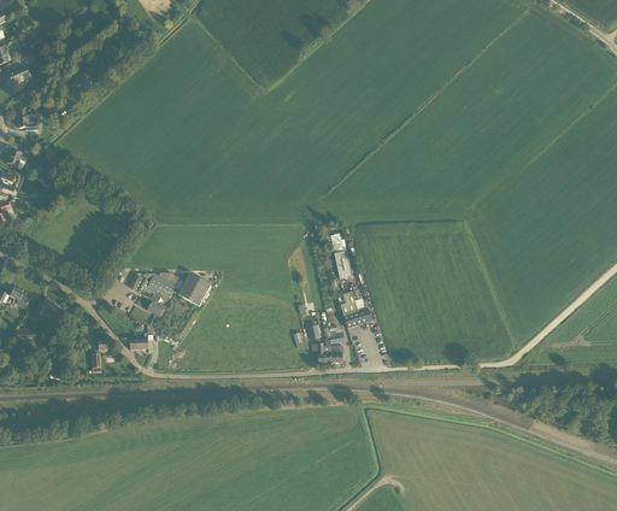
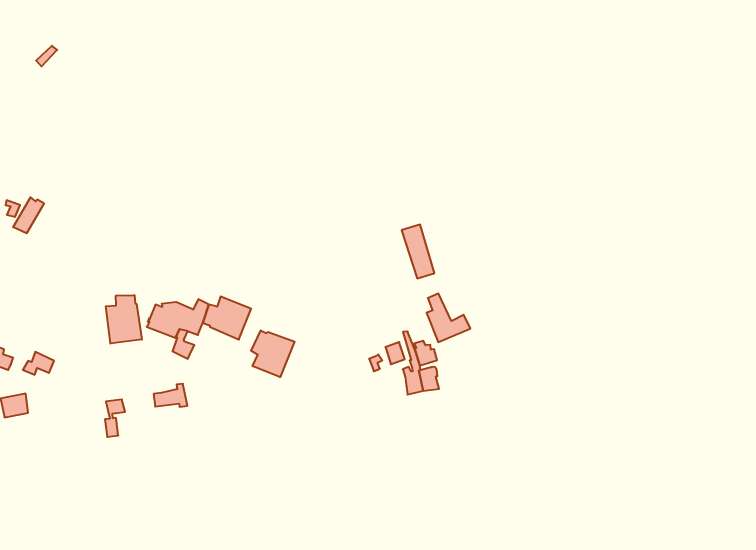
building: none -> [106,295,142,344]
building: none -> [251,330,295,377]

